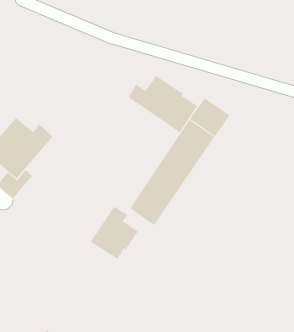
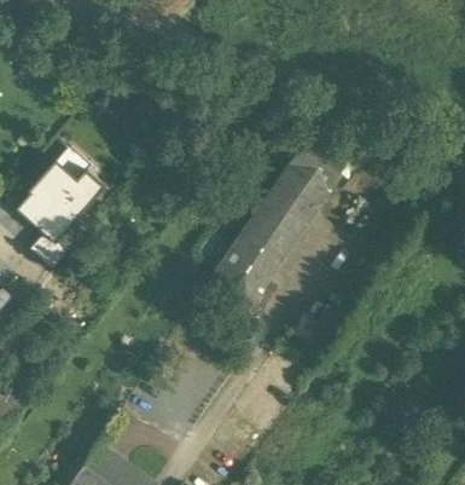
building: [128,75,198,133] -> none
building: [90,206,139,260] -> none

